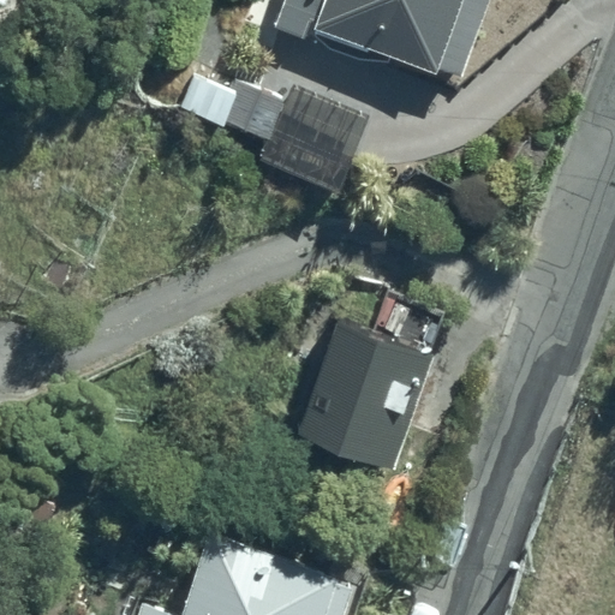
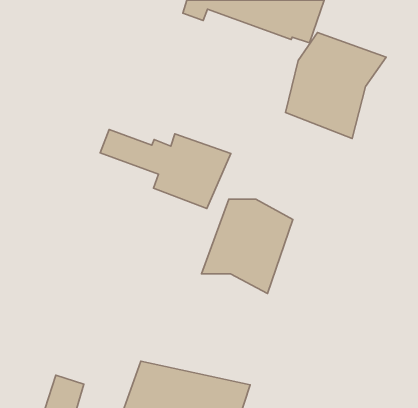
building: none -> [285,33,386,138]
building: [183,76,374,191] -> [100,130,231,209]

